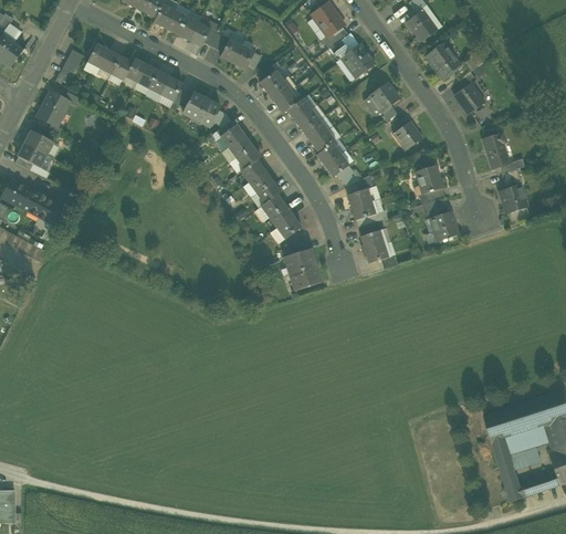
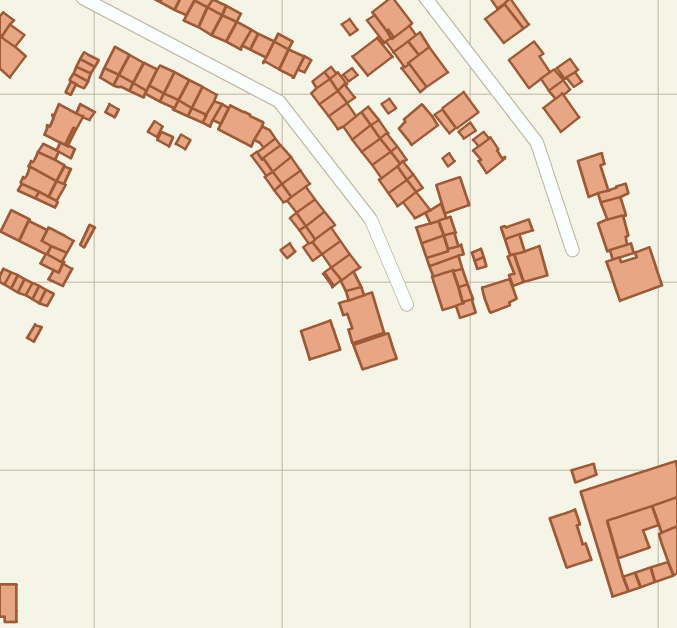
building: none -> [352,38,393,76]
building: none -> [399,104,438,145]
building: [415,164,442,193] -> [436,177,469,213]
building: none -> [606,247,662,301]
building: none -> [482,279,516,313]
building: none -> [301,320,340,360]
building: none -> [353,333,396,369]
building: none -> [550,509,591,568]

